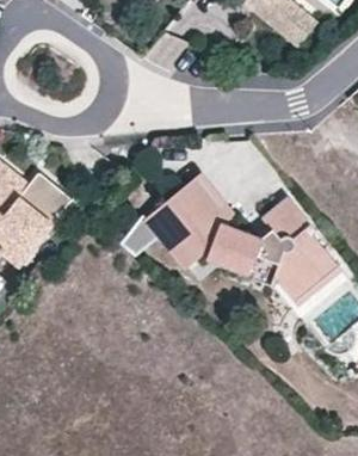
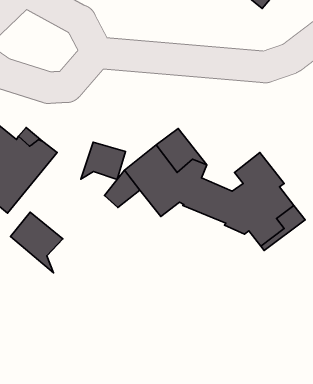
building: none -> [81,142,125,179]
building: none -> [11,212,63,273]

